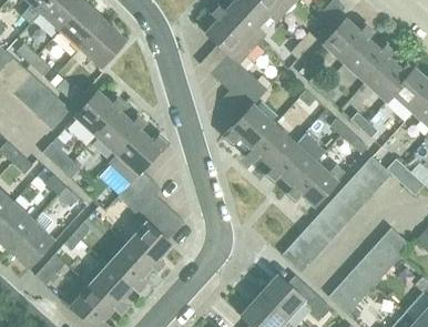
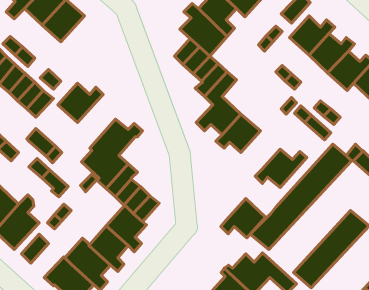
building: [79,20,125,68] -> none
building: [96,111,145,153] -> none
building: [266,143,314,185] -> [221,199,265,238]

